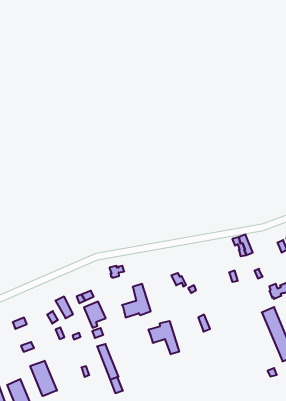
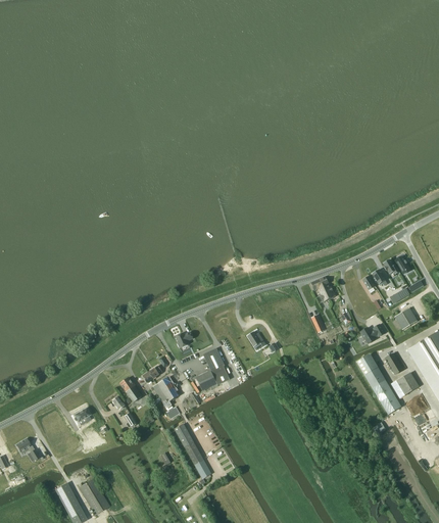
building: [149,321,179,354] -> none
building: [30,361,57,396] -> none

